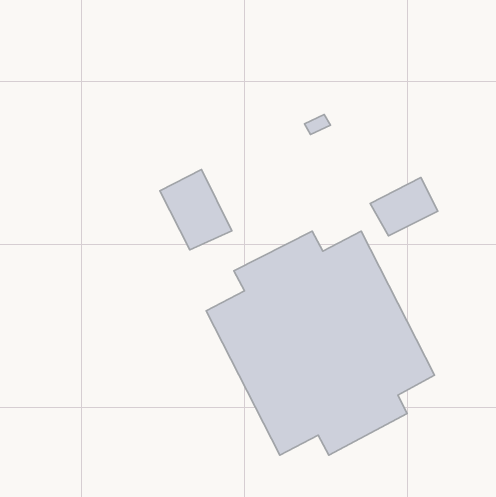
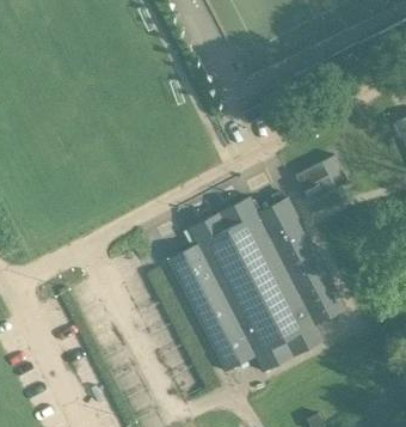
building: [160,169,232,250] -> none

